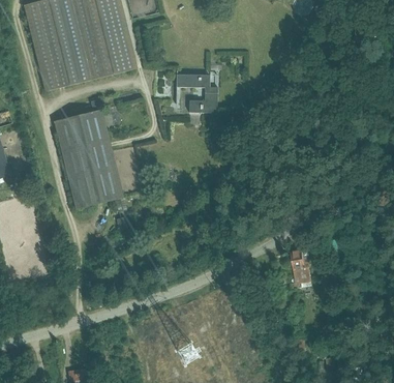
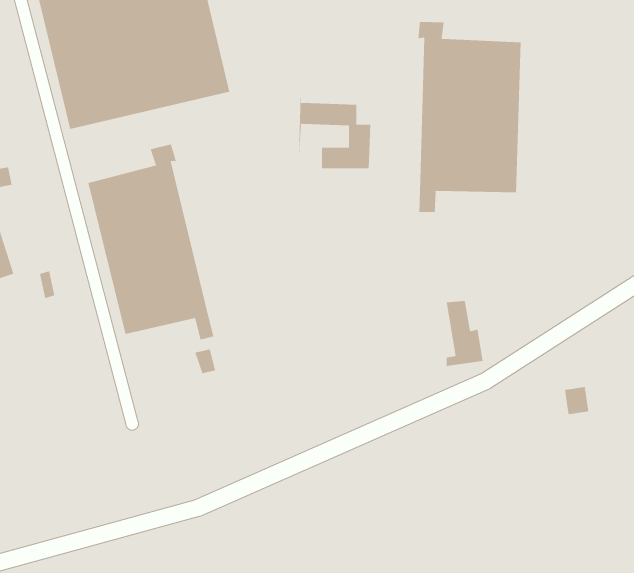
building: none -> [418,21,521,213]
building: [290,251,311,289] -> [446,300,483,366]

